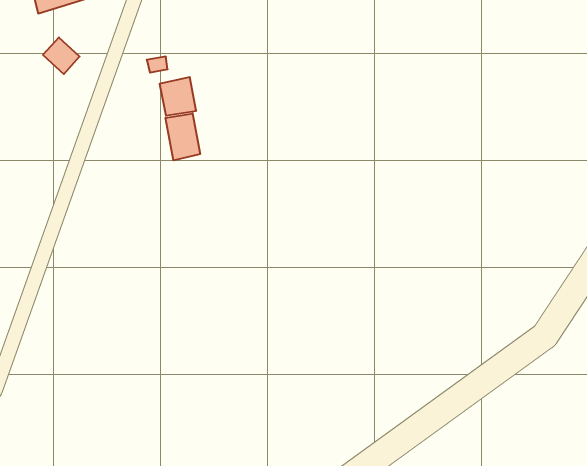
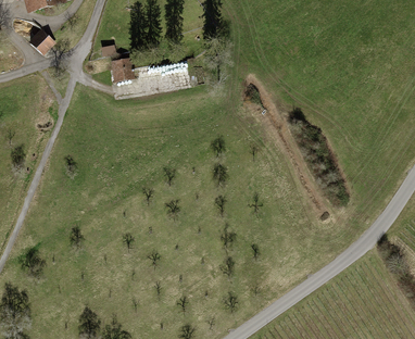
building: [166,113,200,160] -> none

